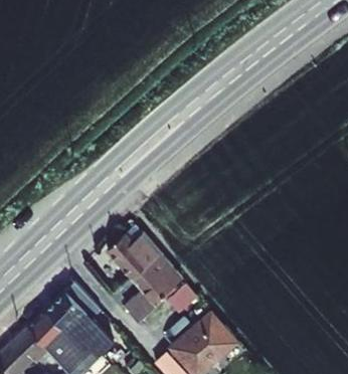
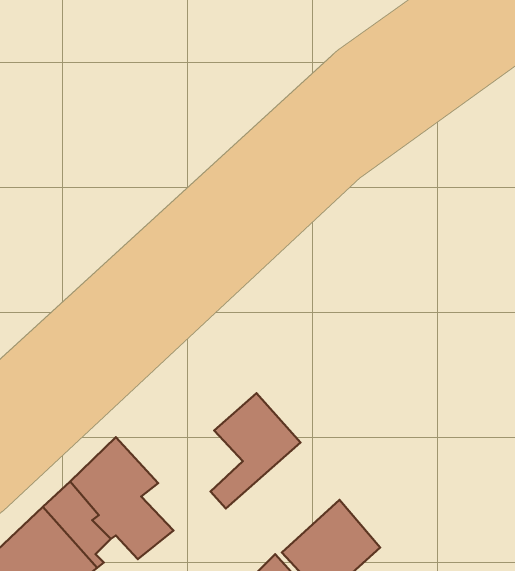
building: [109,235,159,278] -> none

